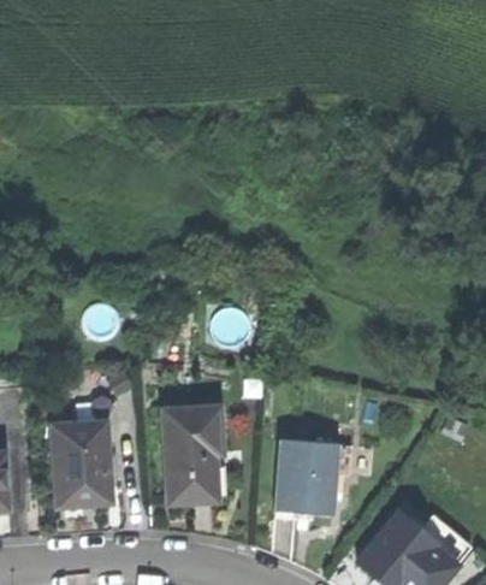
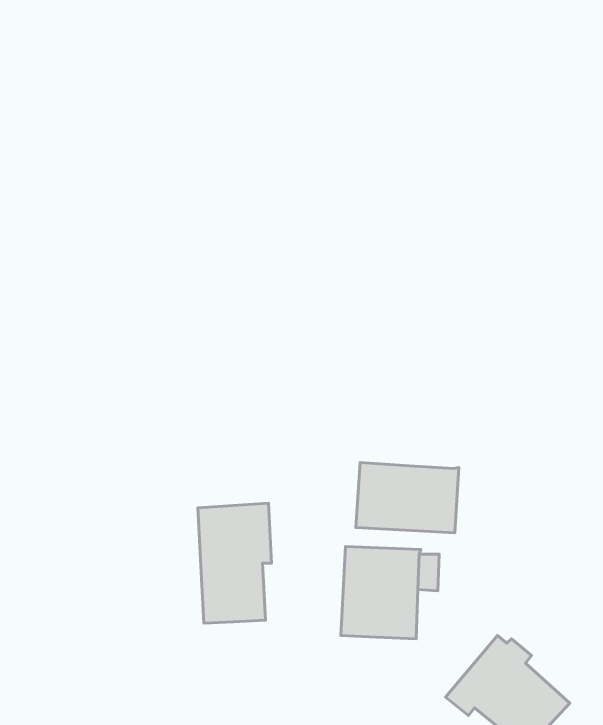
building: none -> [356,462,459,533]
building: [53,421,111,506] -> none

